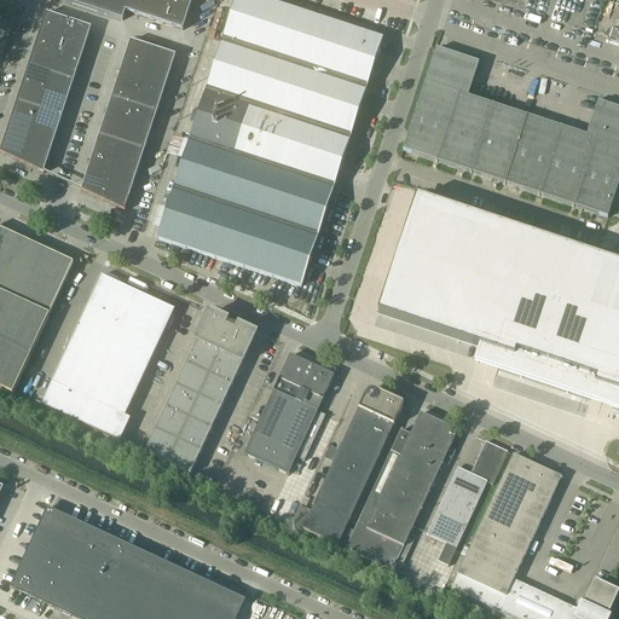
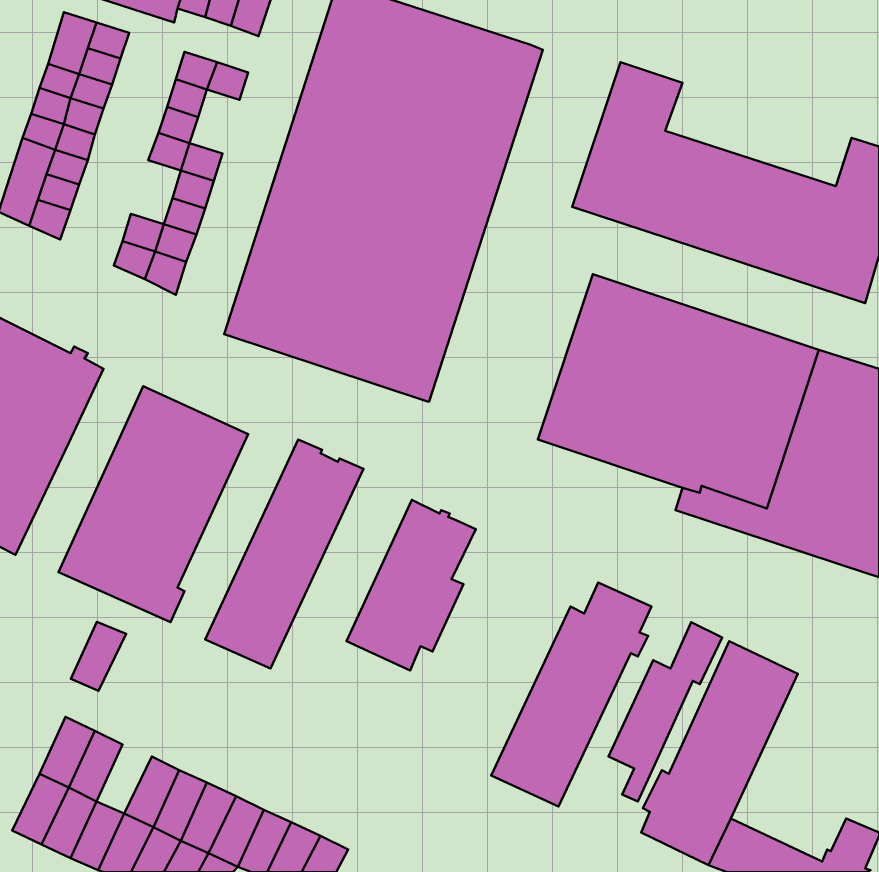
building: [133,63,168,108] -> none
building: [92,112,127,157] -> none
building: [302,386,404,540] -> none
building: [68,522,106,571] -> [71,622,126,691]

